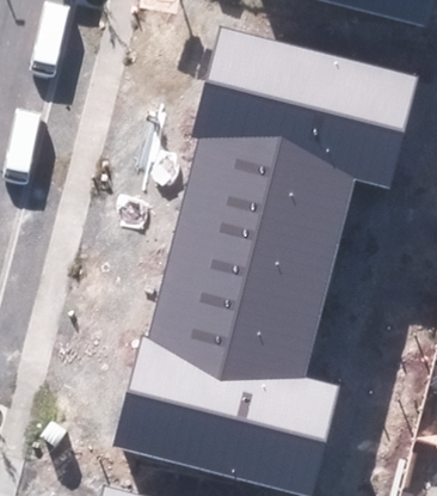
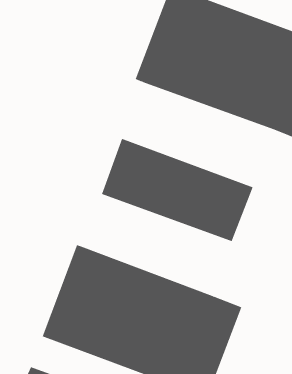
building: [181,140,356,247] -> none
building: [148,274,321,378] -> none

